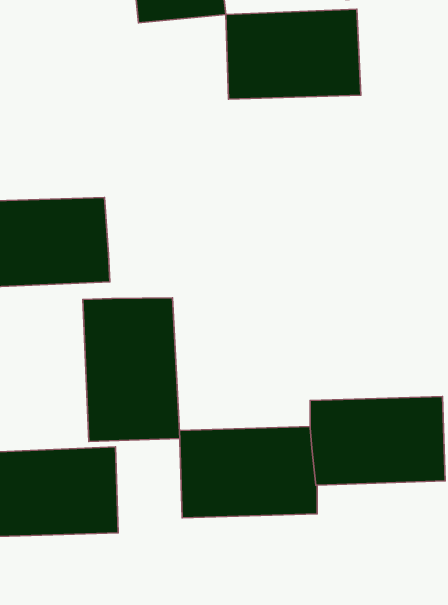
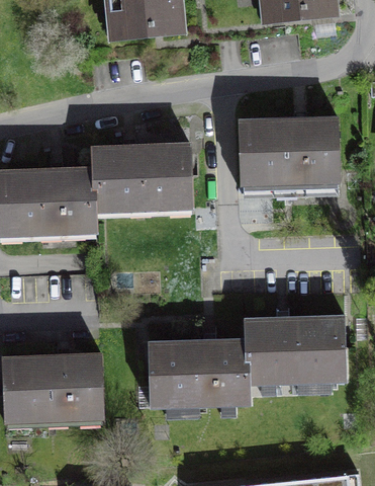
building: [226,9,361,99] -> [239,118,339,185]
building: none -> [91,145,192,212]
building: [83,298,180,442] -> none

